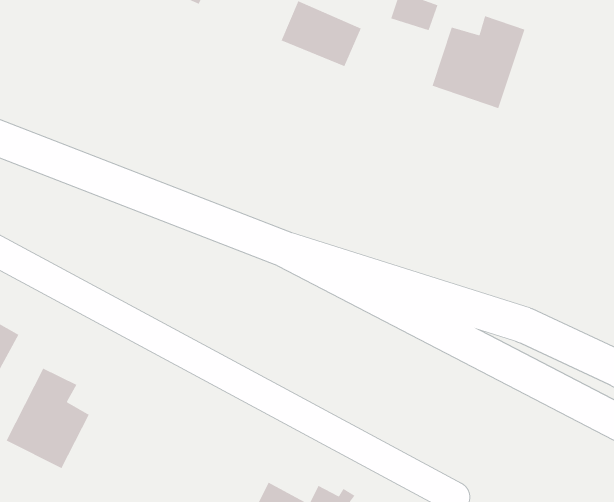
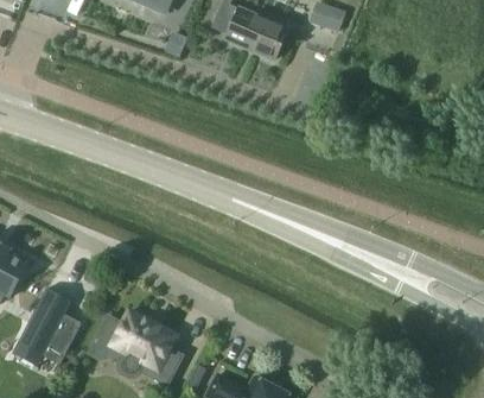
building: [432,15,526,109] -> none
building: none -> [88,311,182,385]

